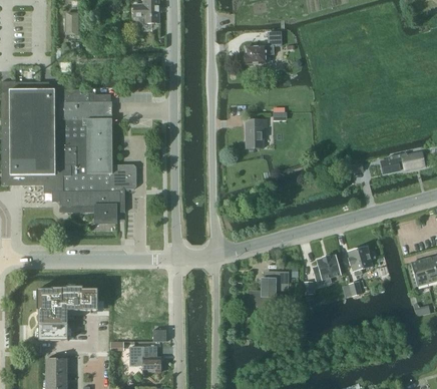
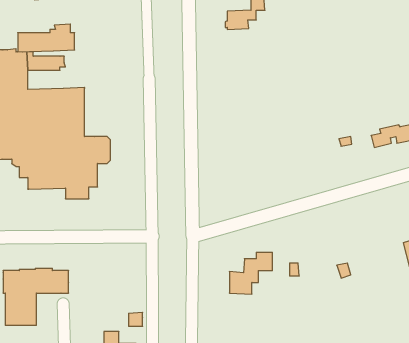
building: [59,93,112,119] -> [18,24,75,52]
building: [246,119,266,147] -> none
building: [347,247,375,276] -> none
building: [312,255,340,280] -> none

